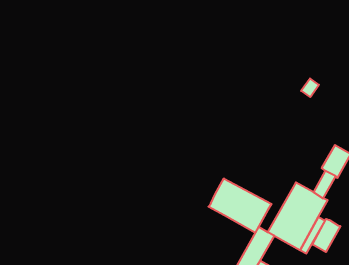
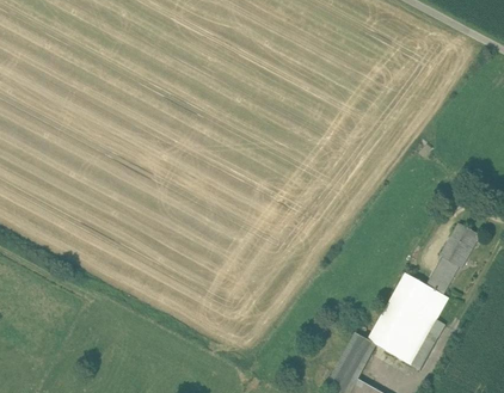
building: [208,178,272,233] -> none
building: [312,219,340,252] -> none

